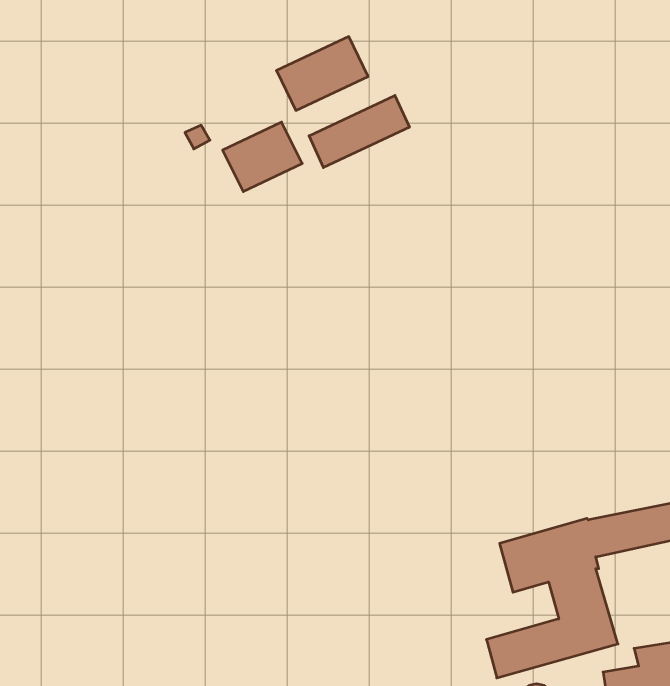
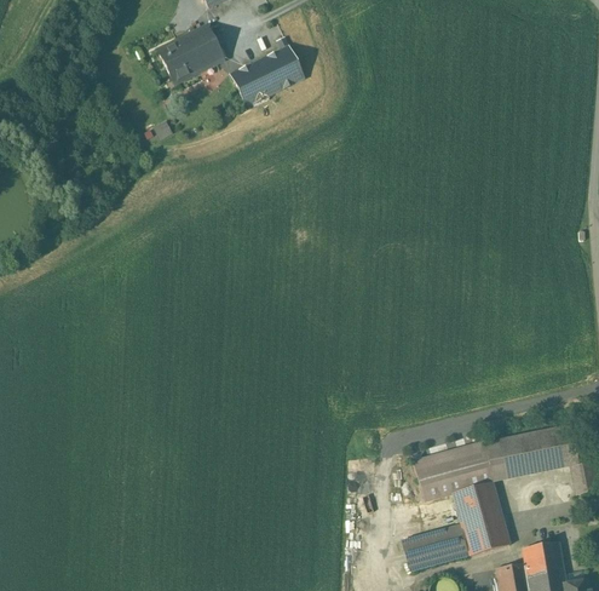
building: [309,95,409,168] -> none
building: [223,122,302,192] -> [157,27,223,84]

